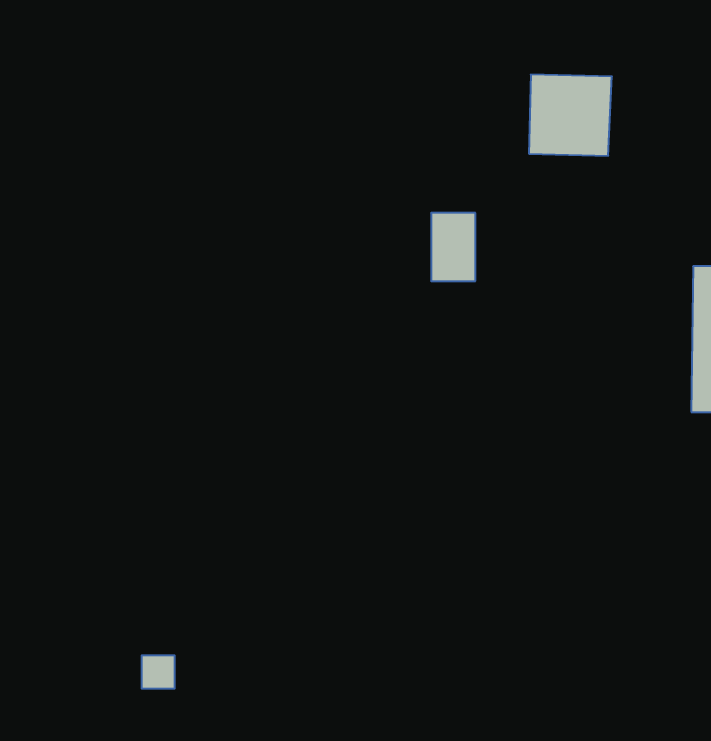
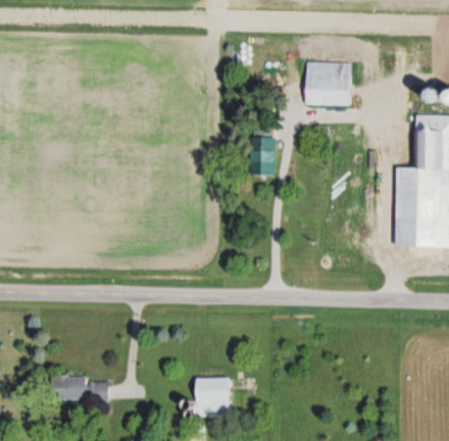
building: none -> [51,375,88,399]
building: none -> [195,378,230,416]

